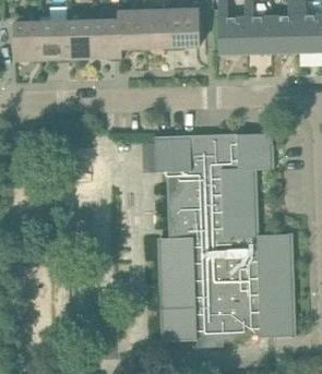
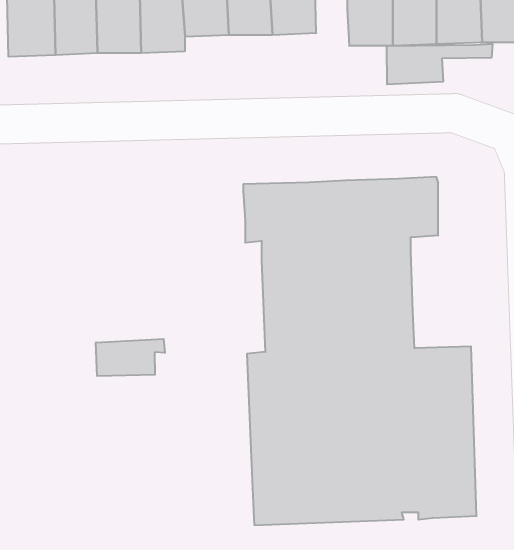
building: none -> [387,44,492,84]
building: none -> [96,339,165,376]

